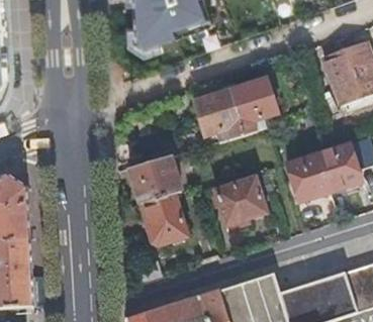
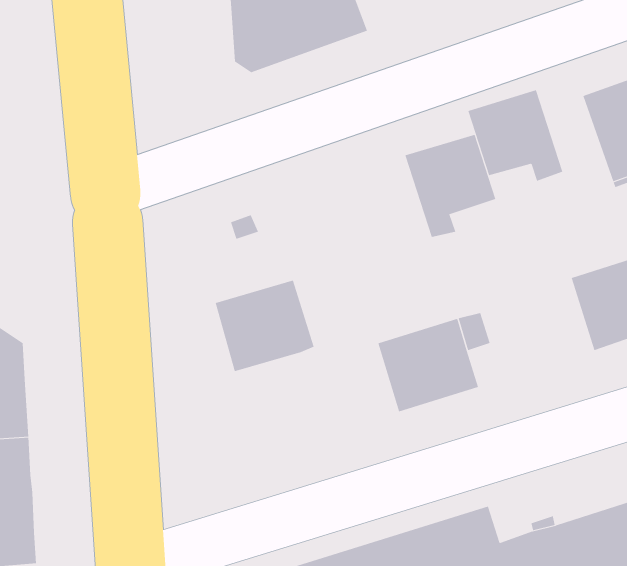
building: [192,89,243,137] -> [468,90,563,182]
building: [285,153,329,202] -> none
building: [138,193,186,245] -> none

